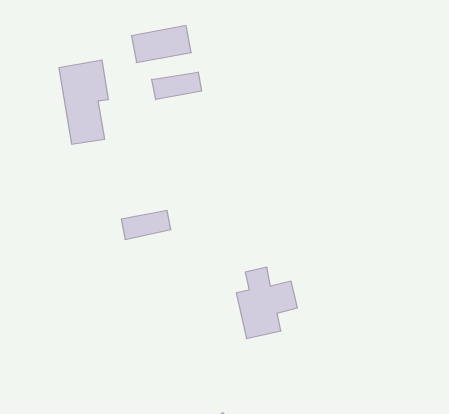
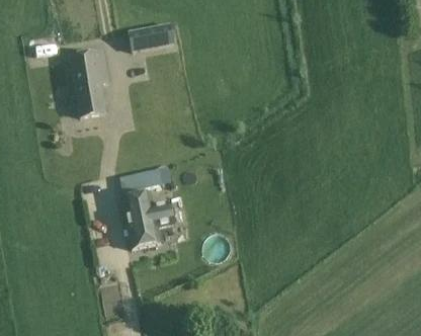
building: [152,72,202,100] -> none
building: [236,267,297,339] -> [123,191,172,248]

